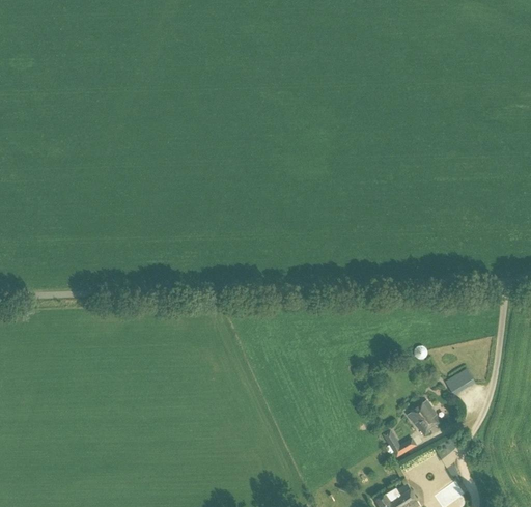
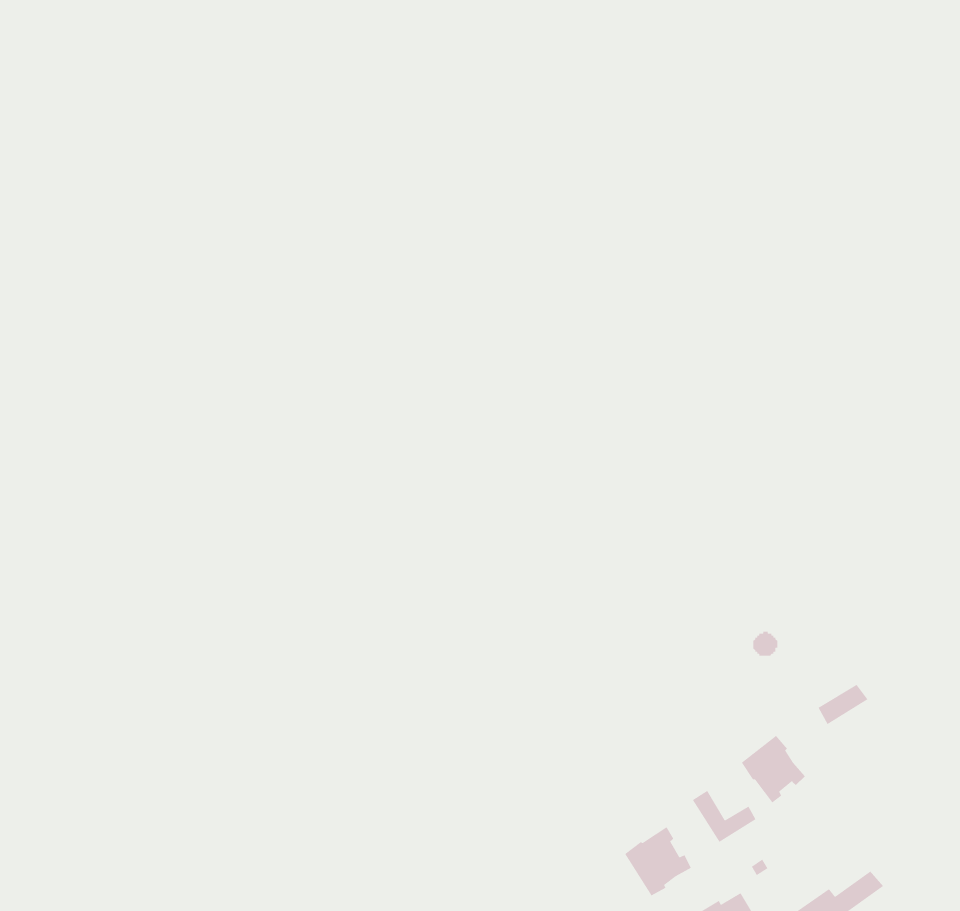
building: none -> [624,826,692,897]

